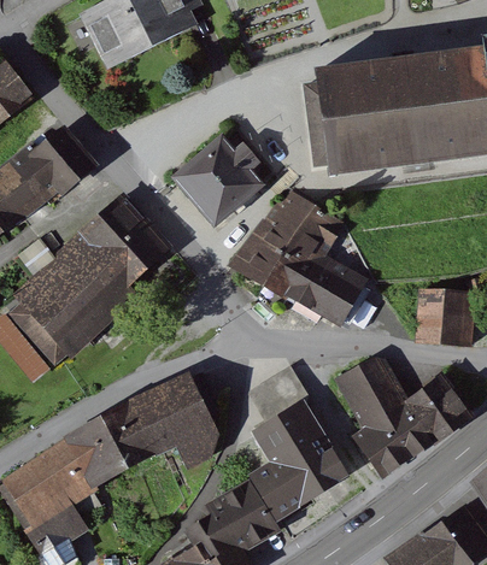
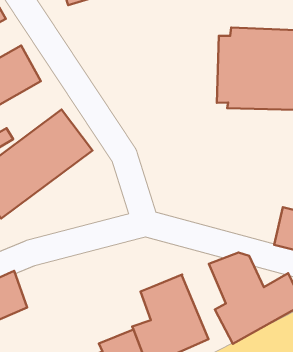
building: [164,136,256,226] -> none
building: [234,188,370,324] -> none
building: [251,365,310,418] -> none
building: [86,371,223,470] -> none

